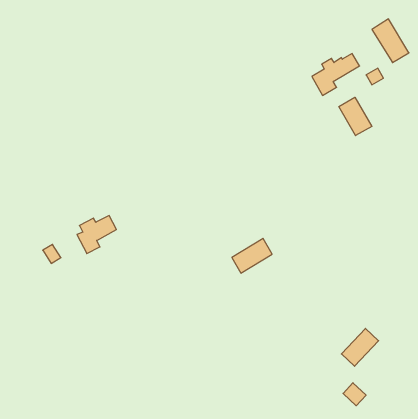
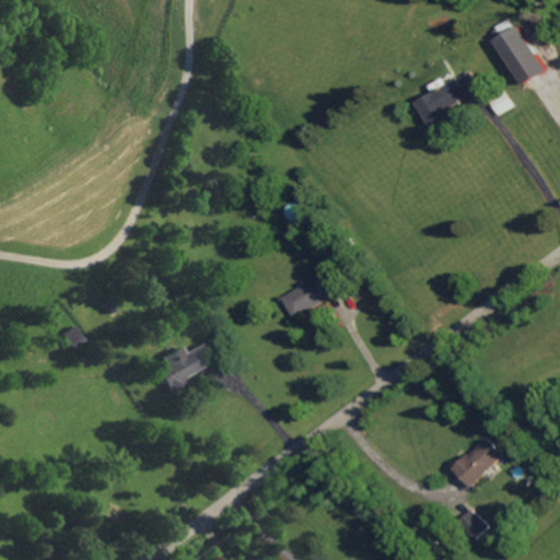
building: [339,97,372,136] -> none
building: [77,216,116,254] -> [153,345,206,395]
building: [232,238,272,273] -> [281,275,335,320]

